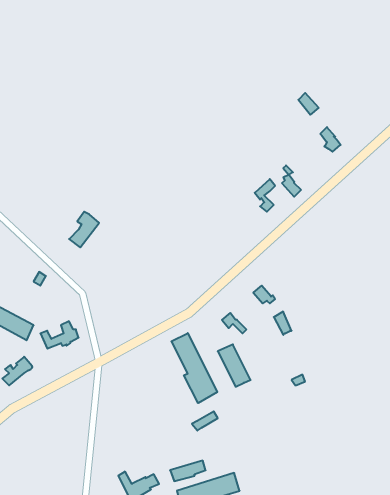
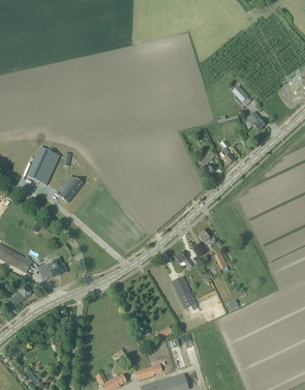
building: none -> [25,145,58,184]
building: [171,333,217,403] -> none

